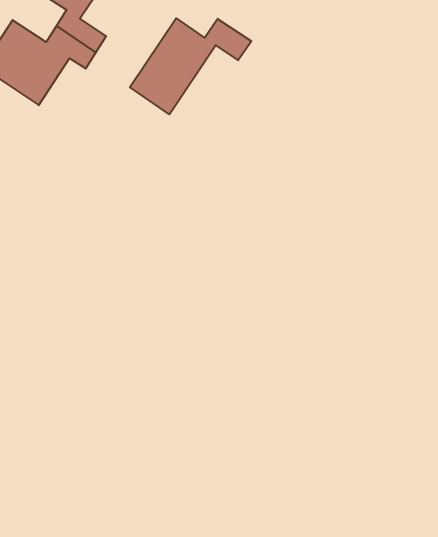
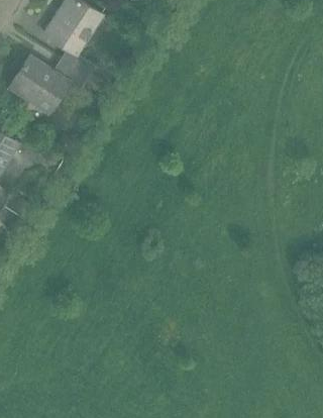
building: [130,18,251,114] -> none

